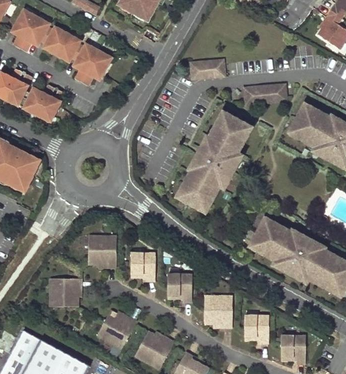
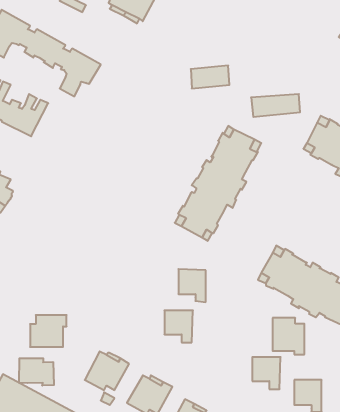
building: [88,235,116,267] -> none
building: [131,252,155,281] -> [178,269,206,302]
building: [204,295,232,327] -> [273,318,304,354]
building: none -> [19,358,54,386]

